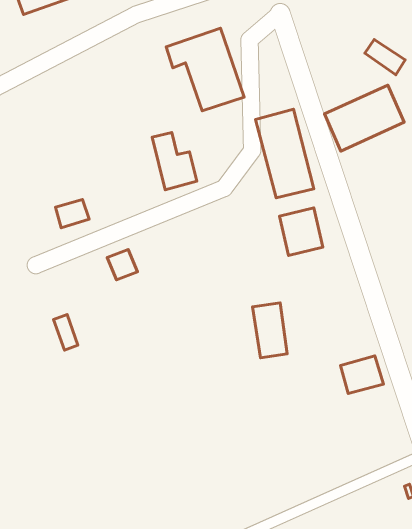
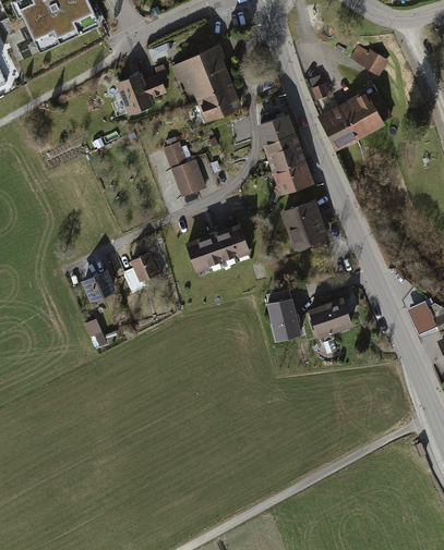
building: none -> [116,73,164,114]
building: [55,199,89,228] -> [82,272,113,300]
building: none -> [187,227,249,271]
building: [341,356,384,394] -> [308,300,348,335]

